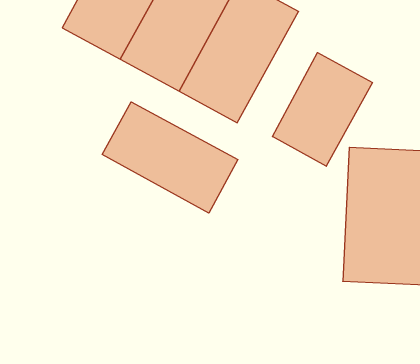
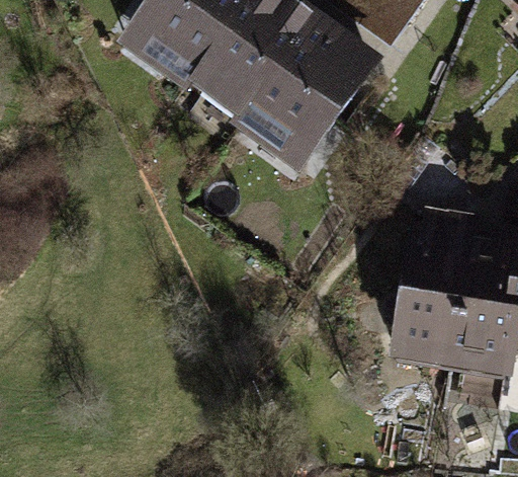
building: [272,53,372,166] -> none
building: [102,102,238,213] -> none

